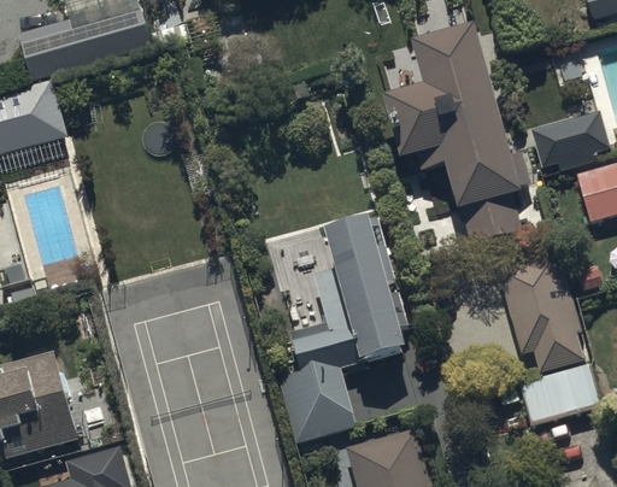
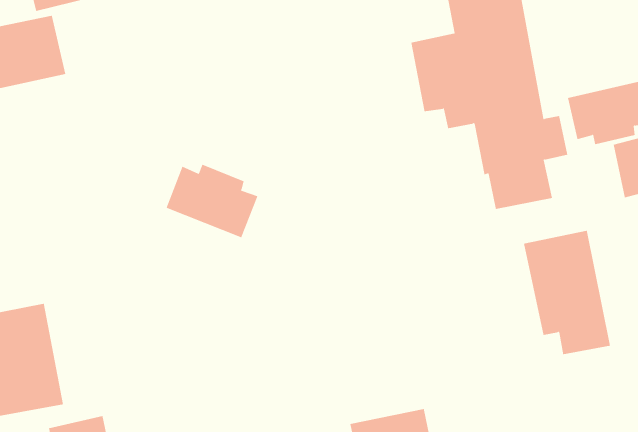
building: none -> [166,164,258,238]
building: [276,217,409,450] -> none
building: [519,362,600,426] -> none

